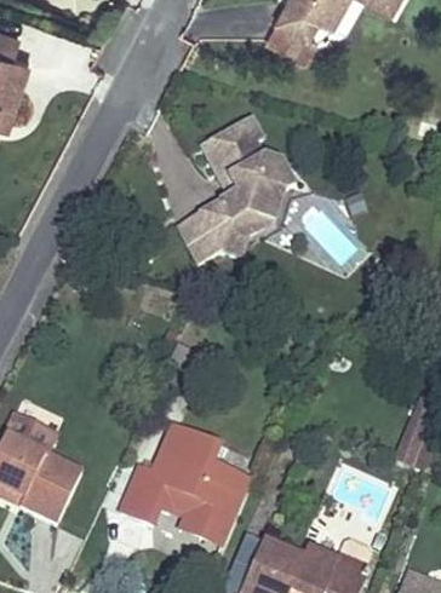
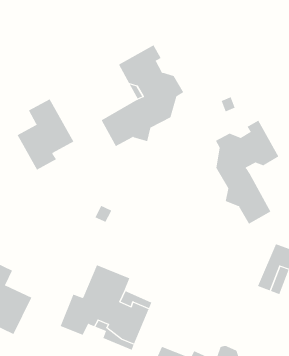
building: none -> [17,99,74,171]
building: none -> [215,120,279,225]

